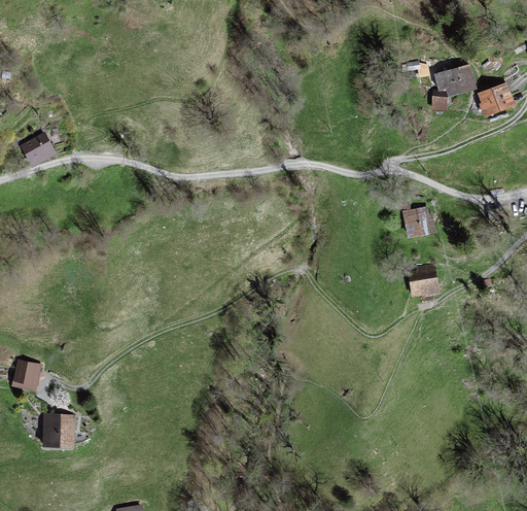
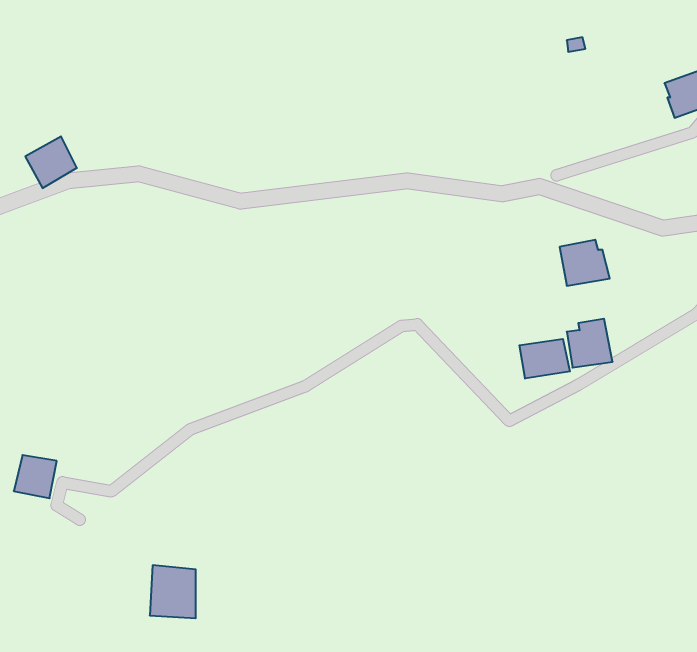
building: [431,64,477,111] -> none
building: none -> [519,339,570,379]
building: [42,411,75,449] -> [150,565,196,618]

